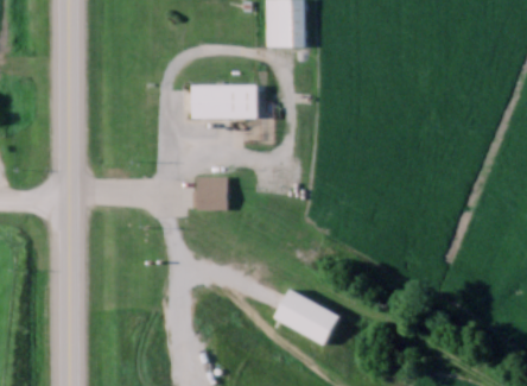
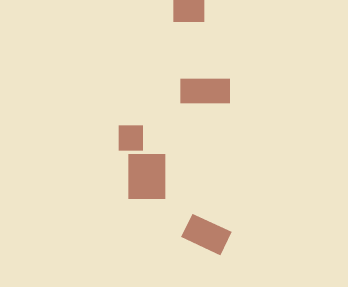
building: [192,86,258,119] -> [180,78,231,104]
building: none -> [128,153,166,200]

